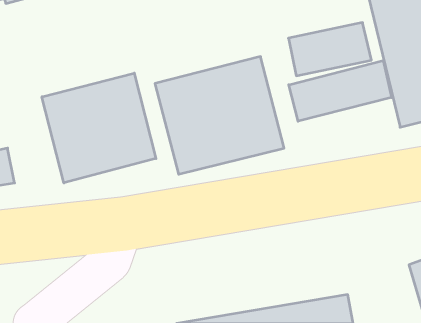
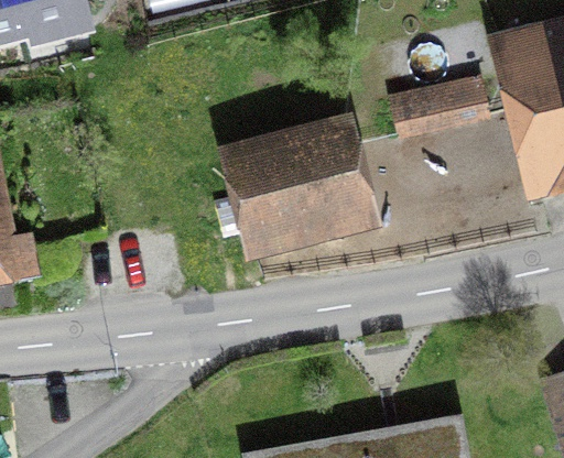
building: [289,61,392,121] -> none
building: [42,73,156,183] -> none

